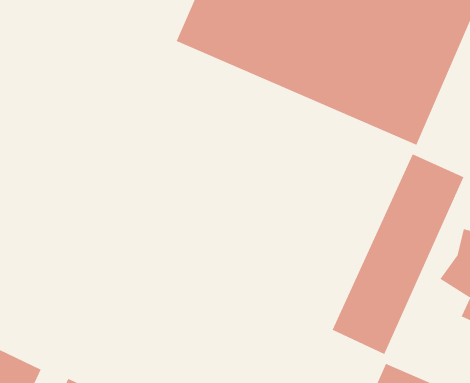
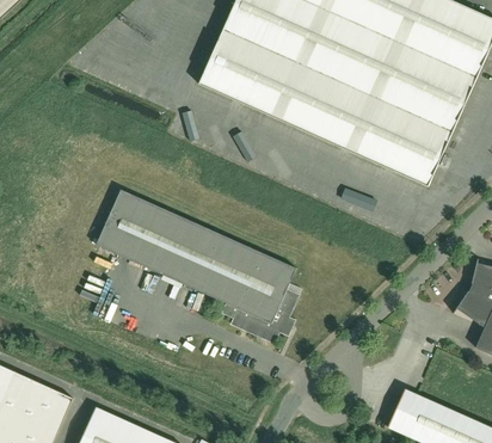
building: [332,154,464,355] -> none
building: none -> [100,195,299,340]

